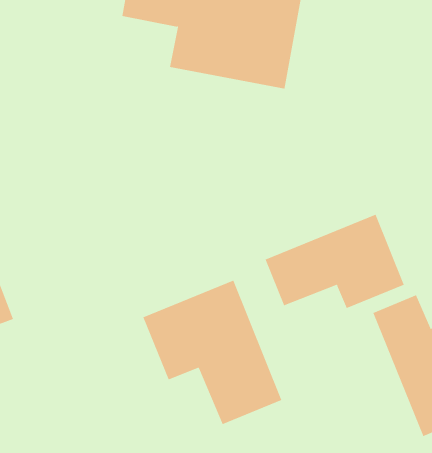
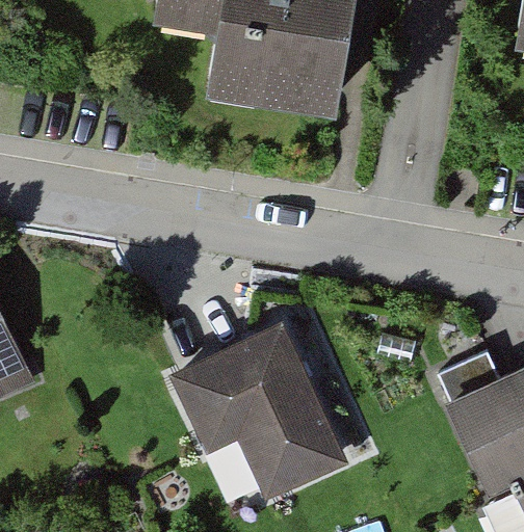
building: [265,214,405,309] -> none

